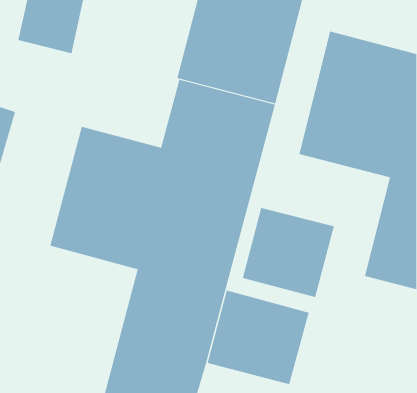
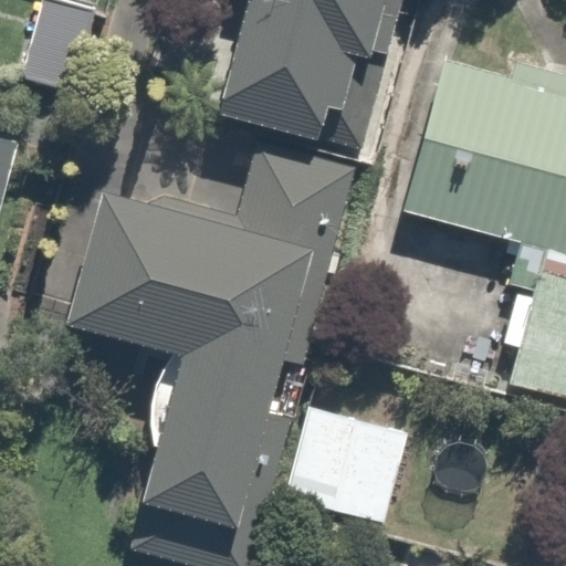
building: [242,207,334,298] -> none

